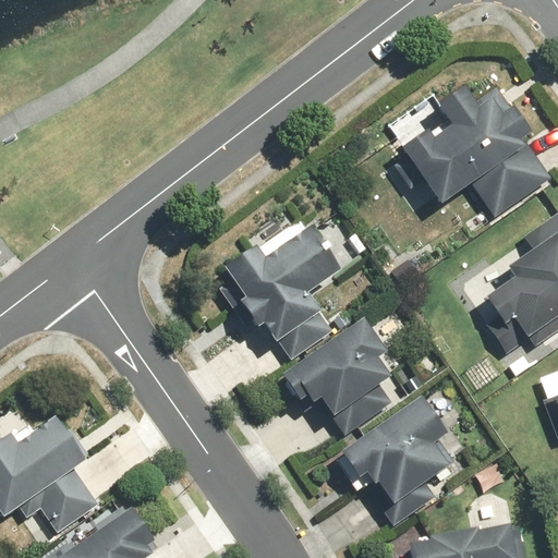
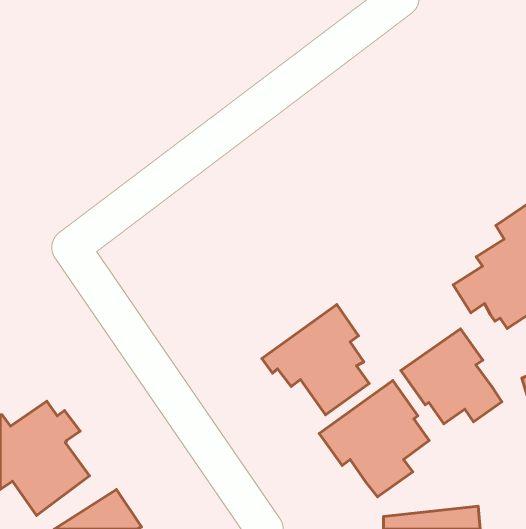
building: [399,87,551,219] -> none
building: [235,222,336,359] -> none
building: none -> [401,329,502,424]

